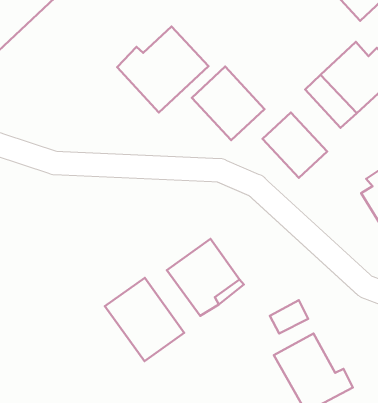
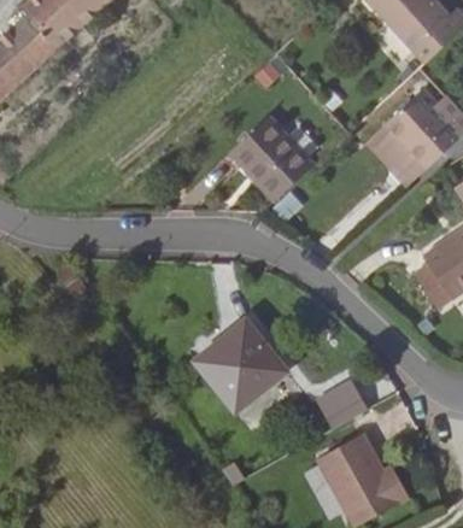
building: [117,26,208,112] -> none
building: [262,113,327,178] -> none
building: [105,278,184,361] -> none

